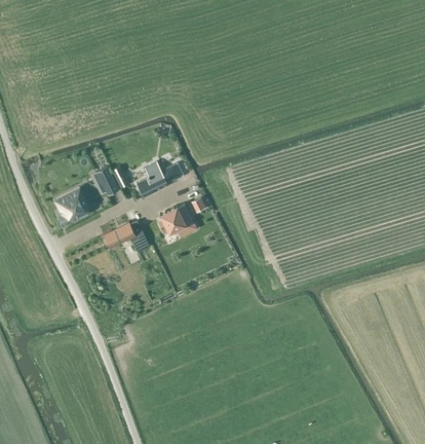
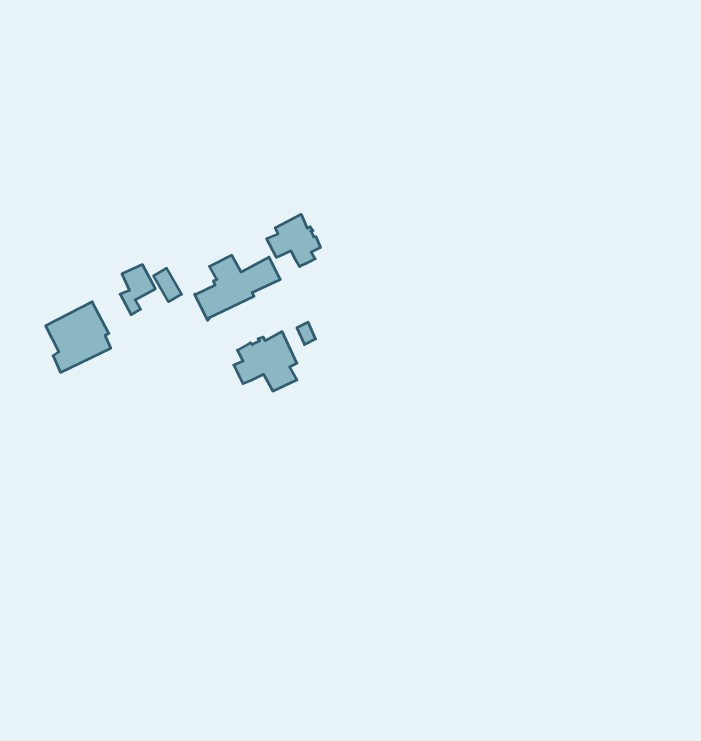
building: none -> [267,214,320,267]
building: [103,221,150,252] -> none

